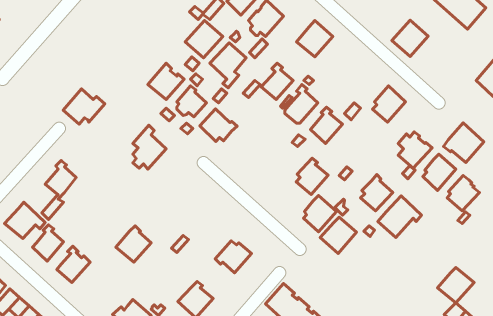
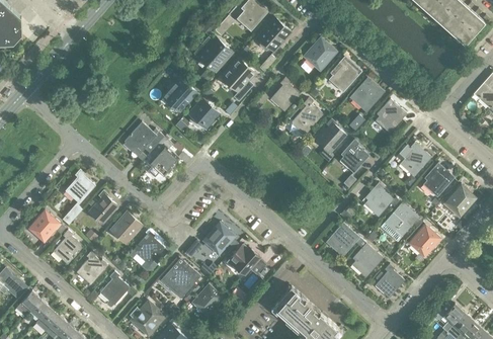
building: [392,20,428,56] -> [349,78,384,112]
building: none -> [328,58,360,92]
building: [63,89,105,124] -> [124,121,163,155]
building: [200,109,237,142] -> none
building: [443,123,484,163] -> none
building: [296,158,328,195] -> [339,139,369,173]
building: none -> [88,189,117,225]
building: [303,196,337,232] -> [351,243,383,277]
building: none -> [109,210,142,245]
building: none -> [201,221,236,258]
building: none -> [166,261,200,299]
building: none -> [374,263,404,298]
building: [438,267,474,303] -> [407,224,441,257]
building: none -> [99,271,130,306]

